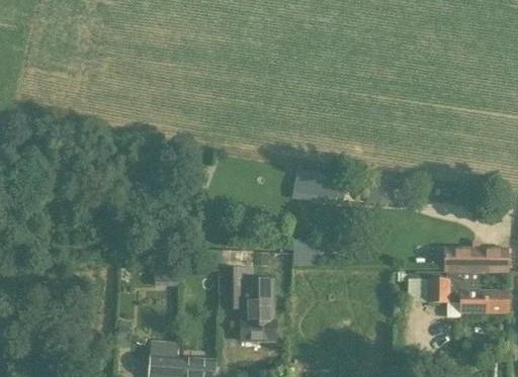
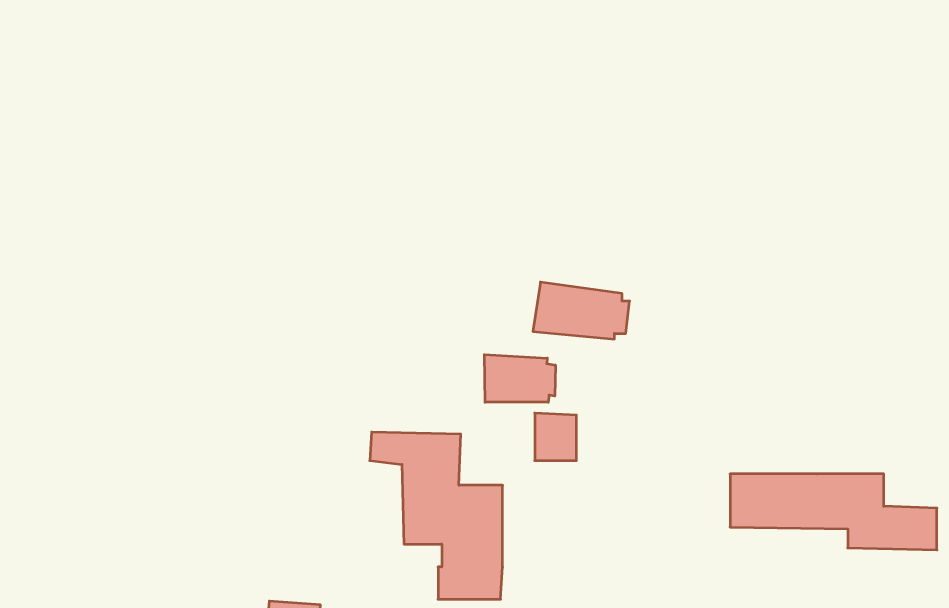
building: none -> [484,355,555,402]
building: [444,248,509,273] -> none

